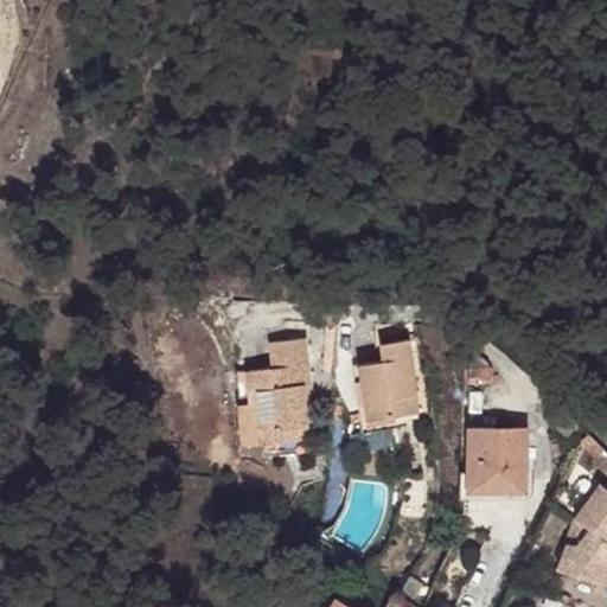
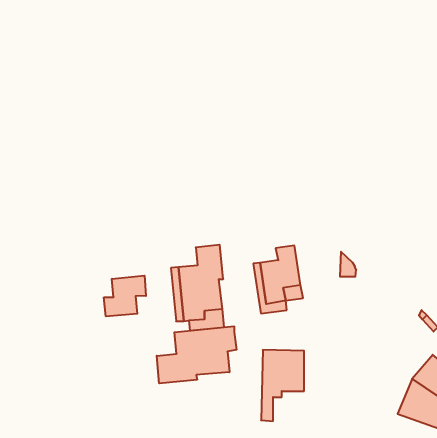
building: none -> [104,276,146,316]
building: [469,427,529,525] -> [261,350,304,421]
building: none -> [157,326,237,383]

